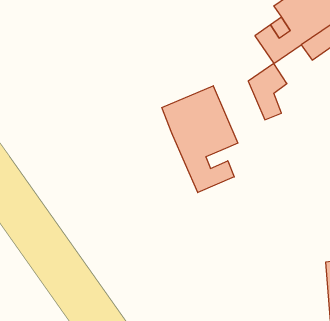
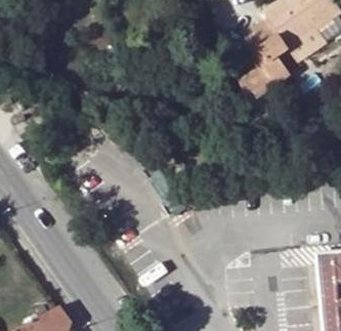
building: [162,86,238,193] -> none

